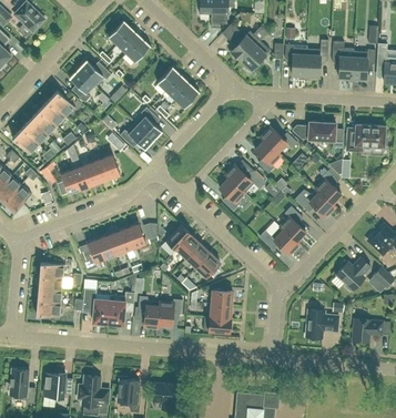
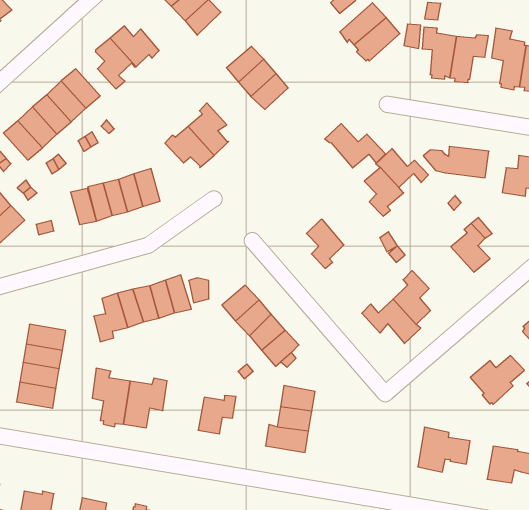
building: [224,164,265,193] -> [325,124,385,168]
building: [295,188,335,217] -> none
building: [134,296,160,328] -> none

